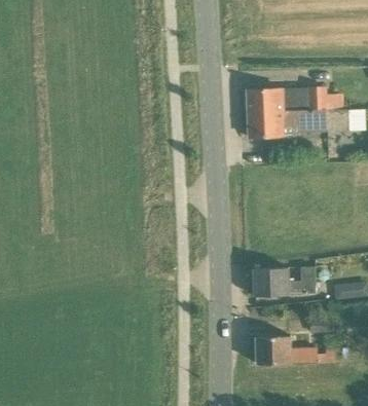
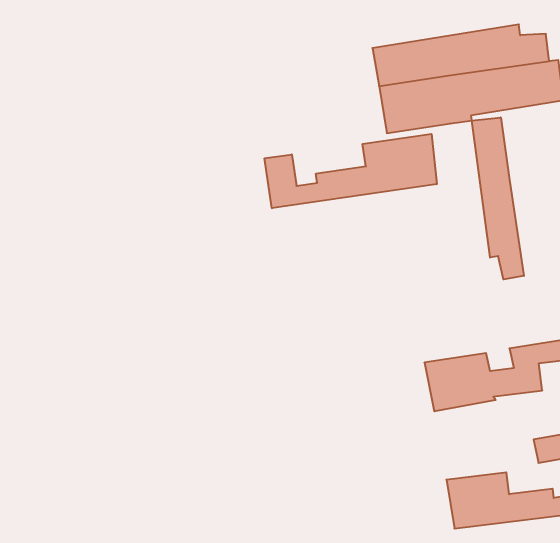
building: none -> [472,117,524,279]
building: none -> [265,134,437,208]

